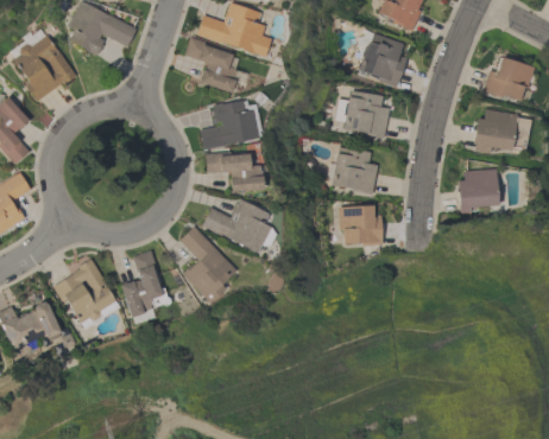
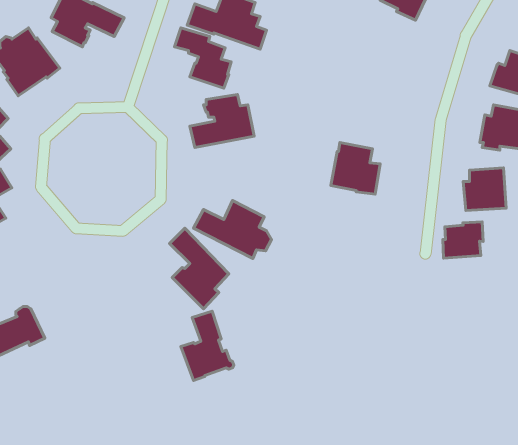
building: [358,32,406,85] -> none
building: [343,89,390,138] -> none
building: [204,152,263,193] -> none
building: [339,204,383,243] -> none
building: none -> [443,222,483,258]
building: [121,249,171,314] -> [181,311,234,380]
building: [53,256,116,322] -> none

